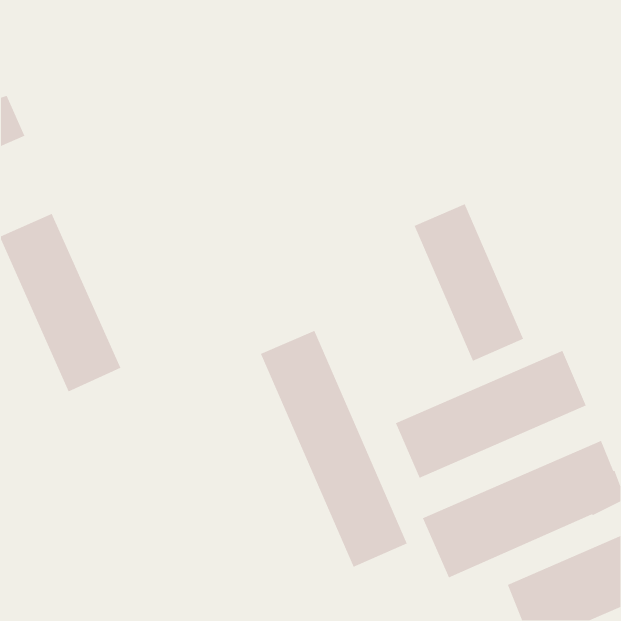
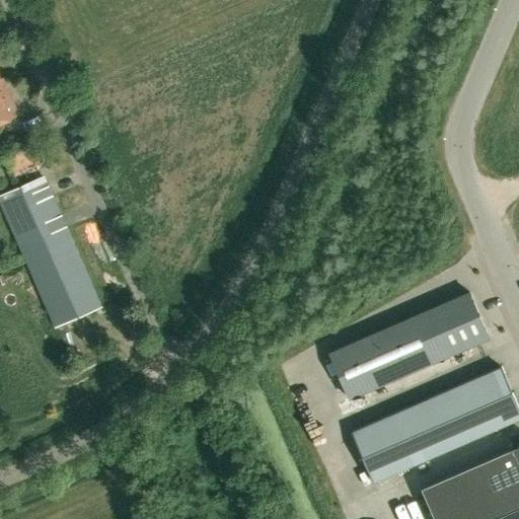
building: [413,203,524,362] -> none
building: [260,330,408,568] -> none

